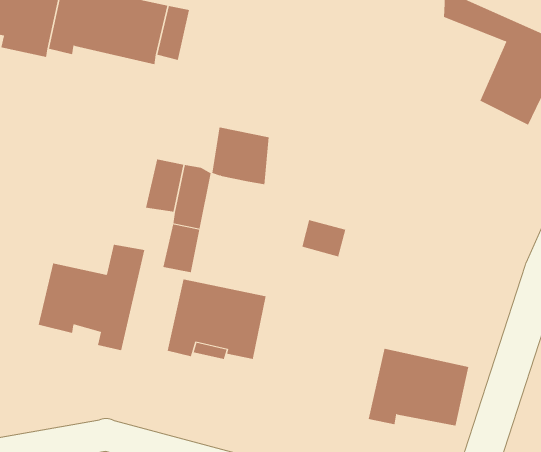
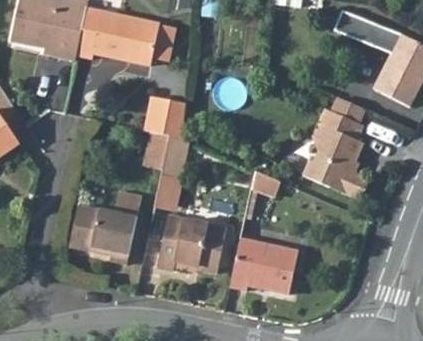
building: [212,127,270,185] -> [145,96,185,136]
building: none -> [300,109,366,200]
building: [368,348,469,426] -> [229,237,299,291]

